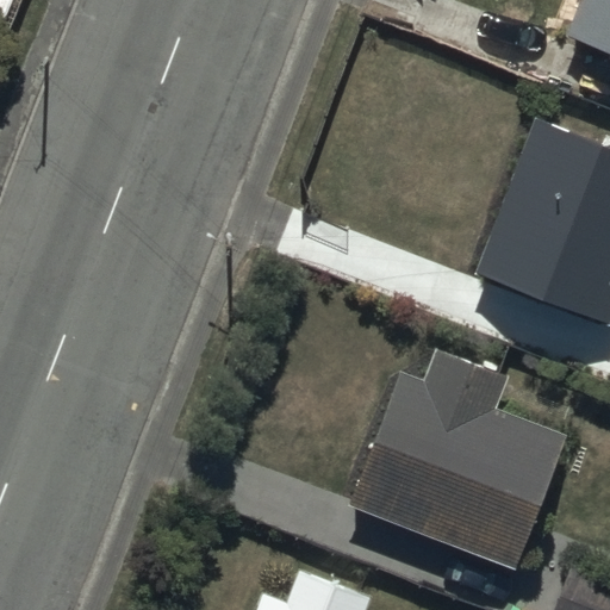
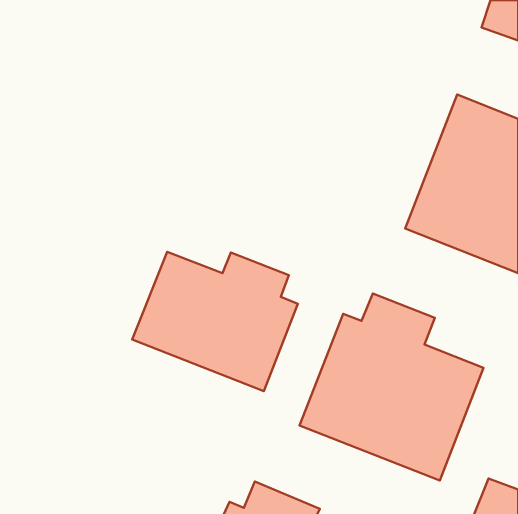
building: none -> [132,252,298,391]

